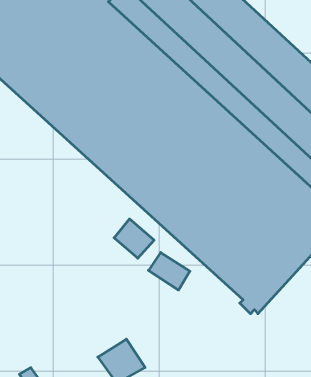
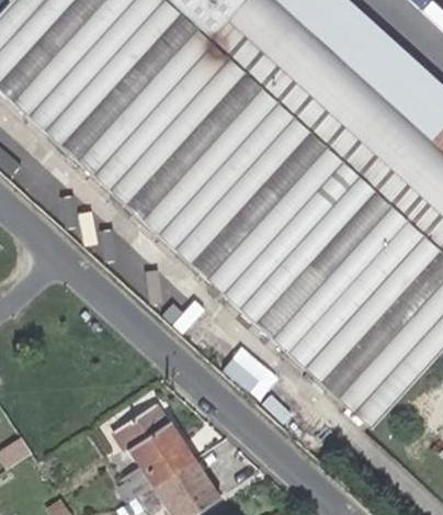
building: none -> [114,406,192,500]

